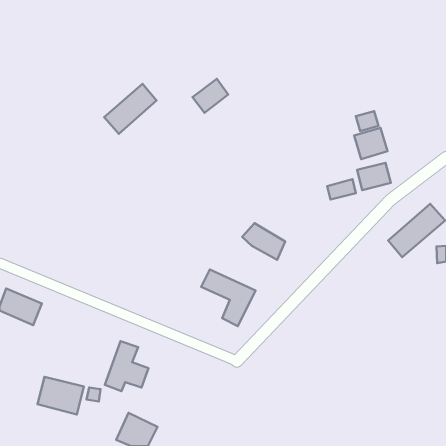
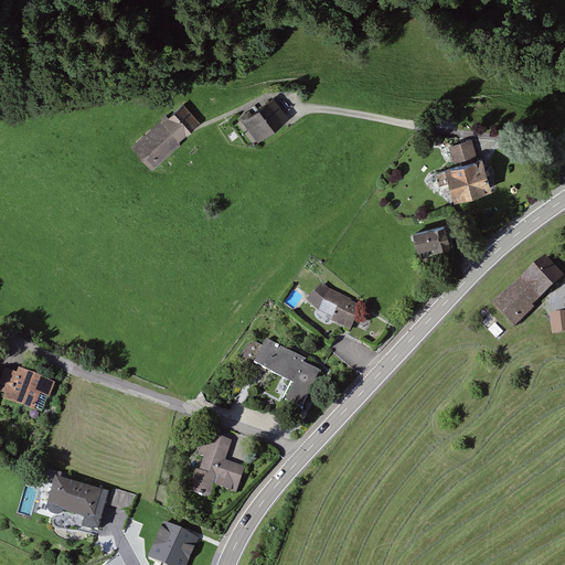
building: [357,163,391,190] -> none
building: [105,341,149,391] -> [188,434,243,497]

